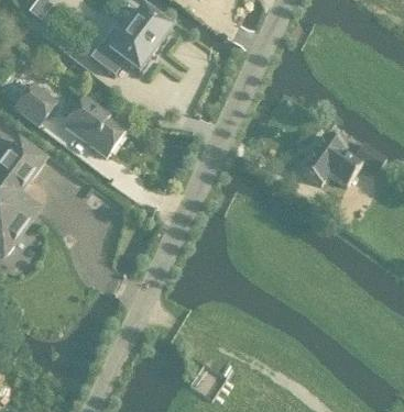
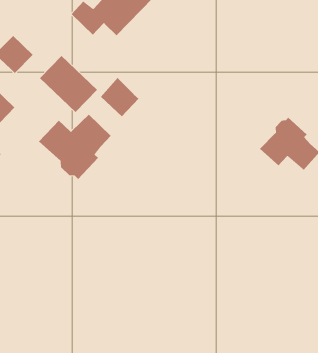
building: none -> [100,77,140,117]
building: none -> [38,114,112,180]

